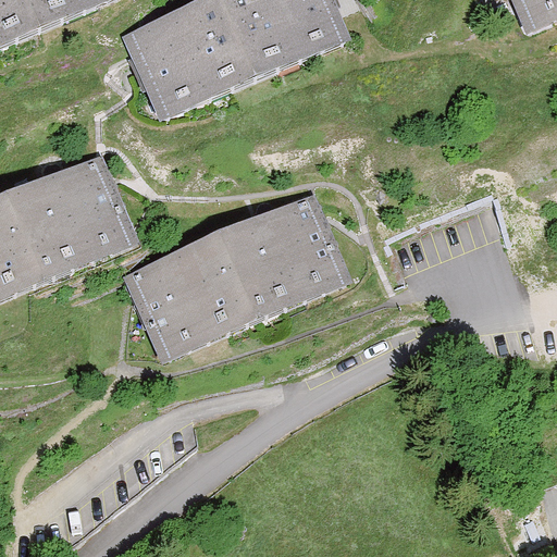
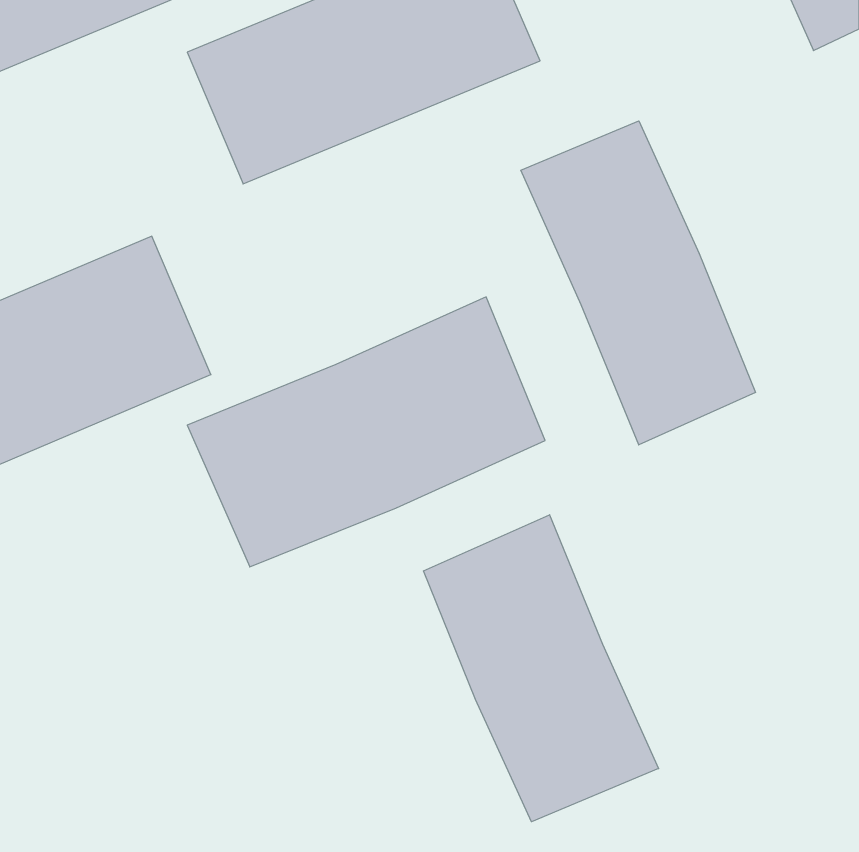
building: none -> [521,121,756,445]
building: none -> [424,515,659,822]

